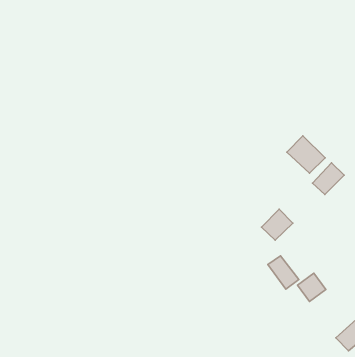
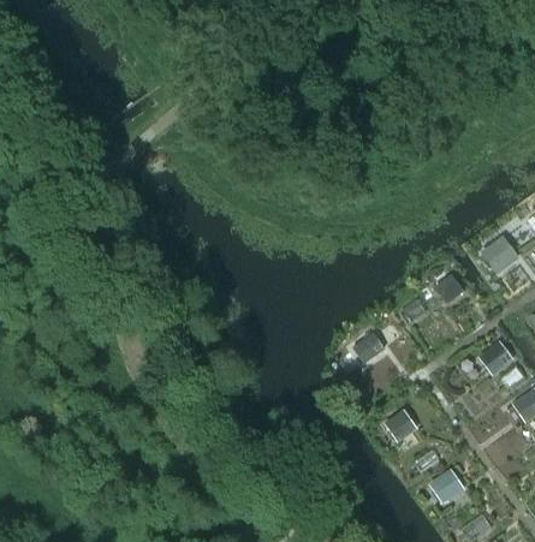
building: [287,136,325,173] -> none
building: [268,256,299,289] -> none

